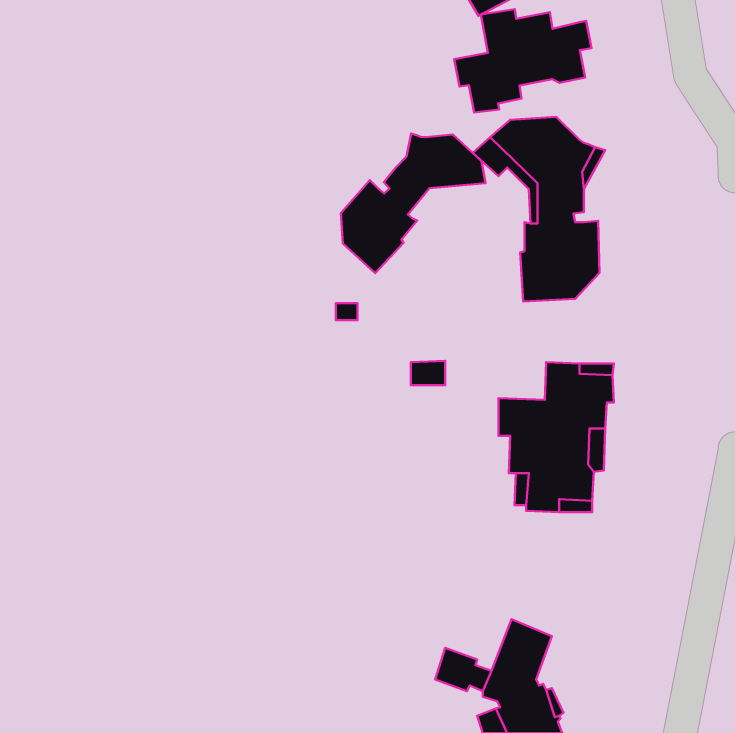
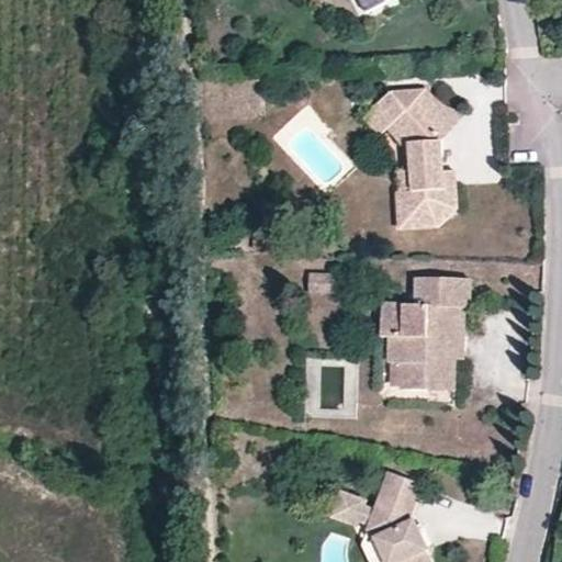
building: [454,9,592,112] -> none
building: [341,133,485,273] -> none

